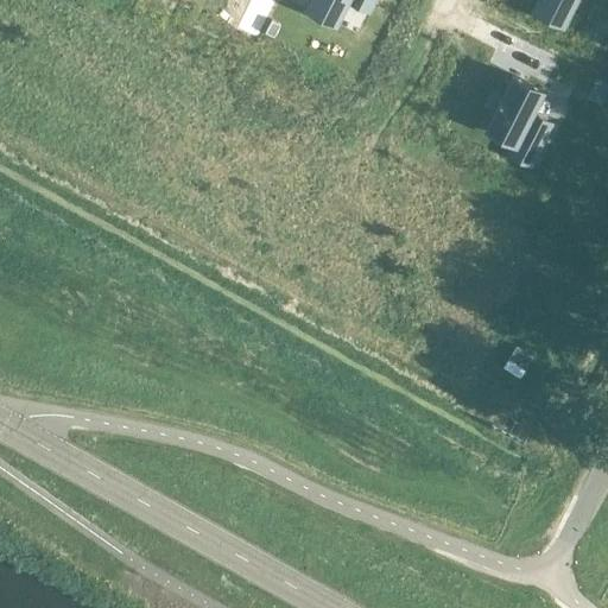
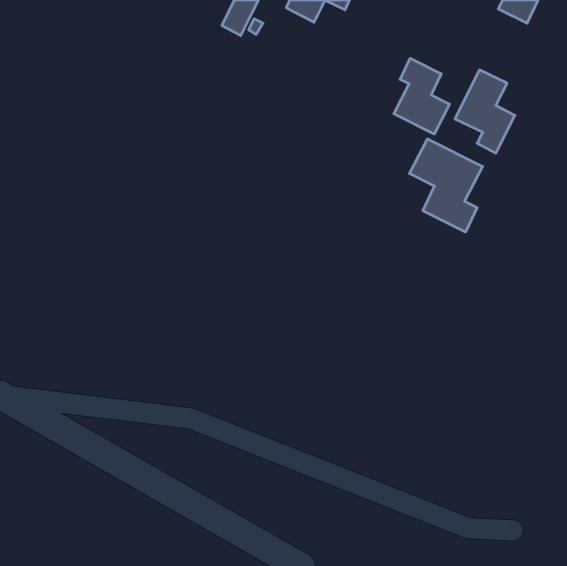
building: none -> [394,58,450,134]
building: none -> [409,139,483,232]

